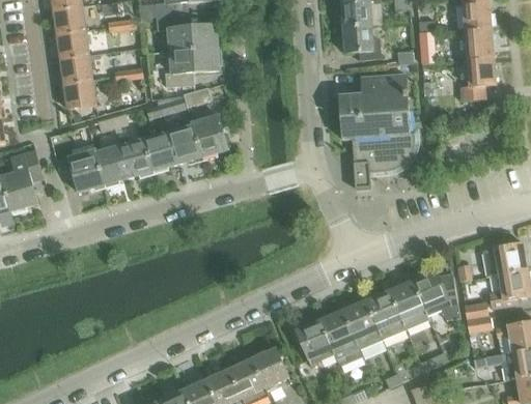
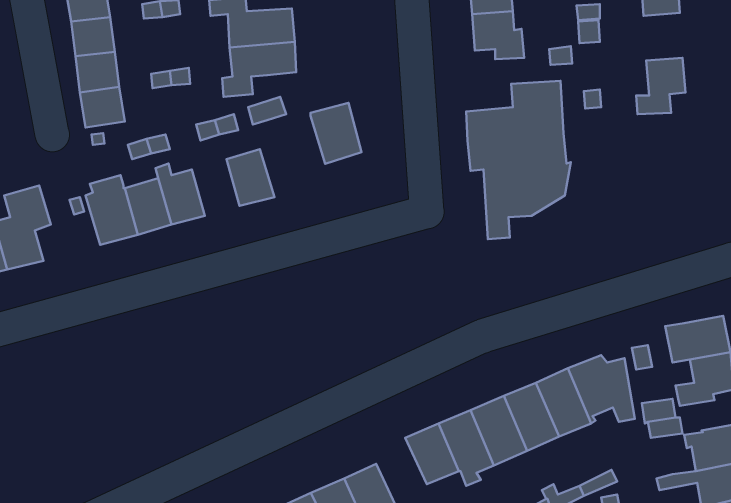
building: [466,27,494,61] -> none
building: [192,115,228,158] -> [311,103,361,164]
building: [143,132,177,172] -> none

